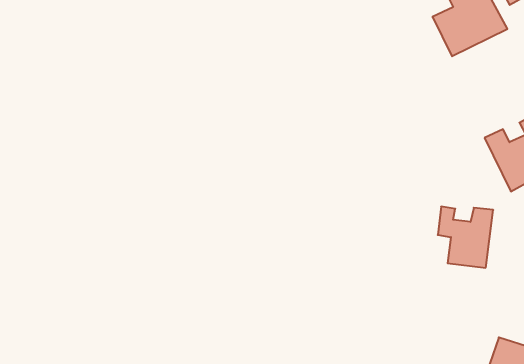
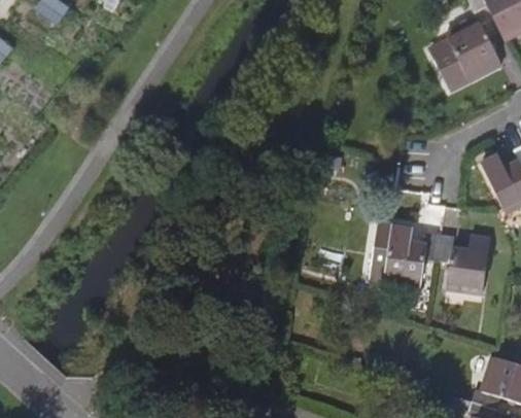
building: none -> [385,223,440,283]

